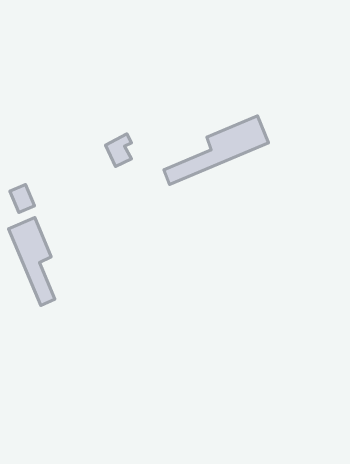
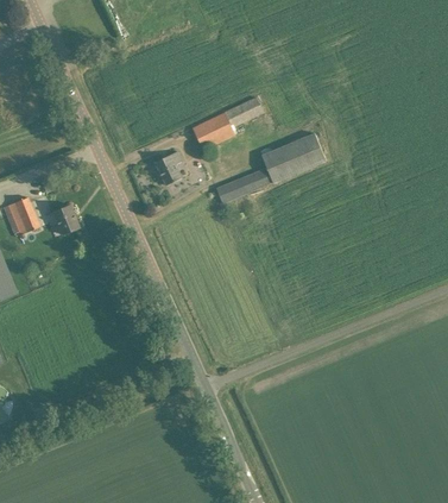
building: none -> [191,96,263,149]
building: [8,218,55,306] -> none

